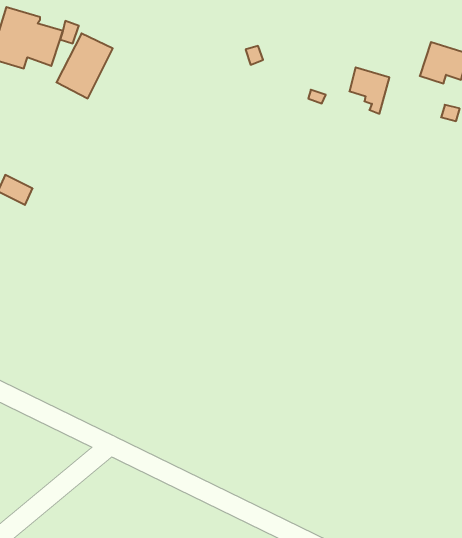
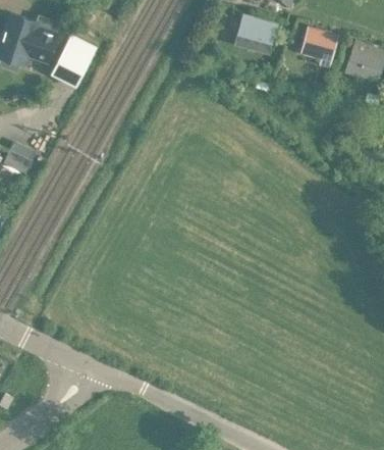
building: none -> [238,17,275,46]
building: [349,67,389,114] -> [304,30,336,67]

